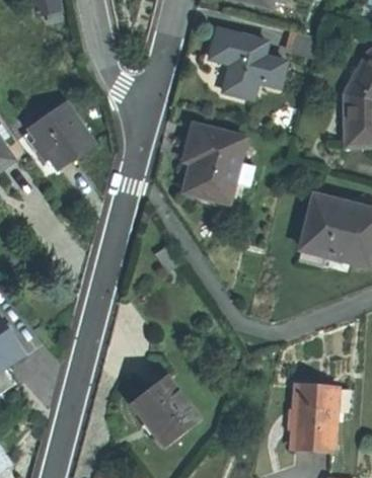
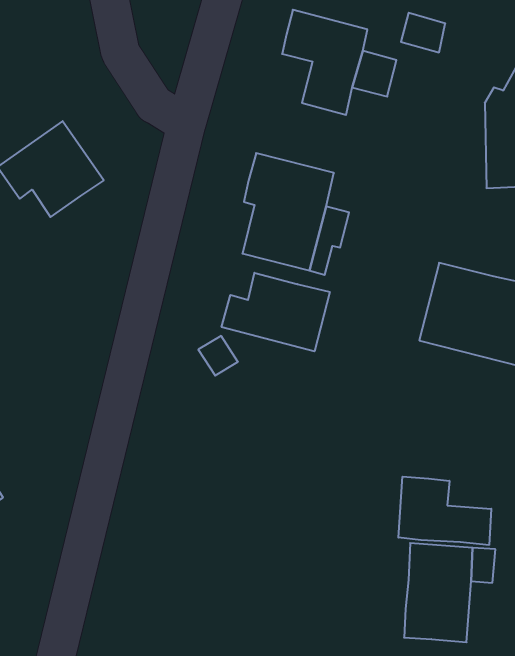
building: none -> [222,273,330,351]
building: none -> [398,477,491,545]
building: [131,376,199,446] -> none

